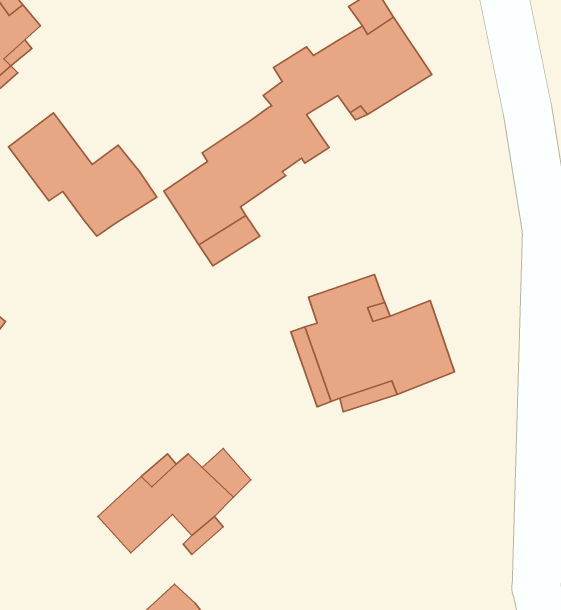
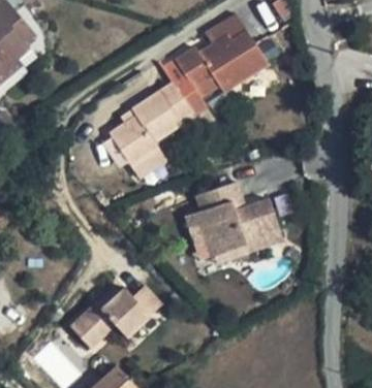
building: [8,113,157,236] -> none

